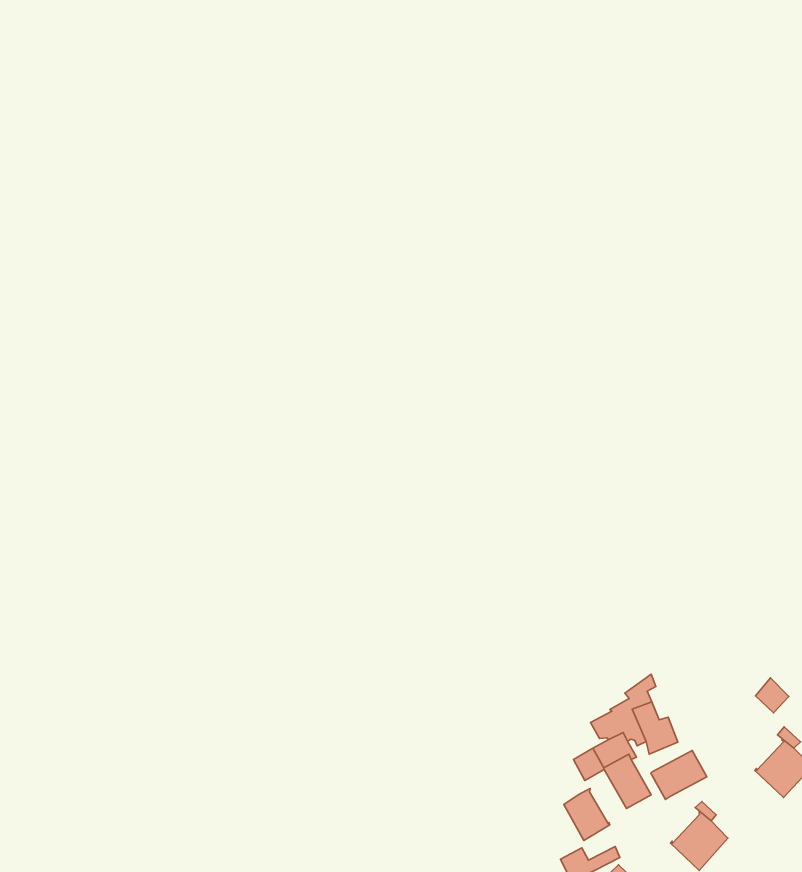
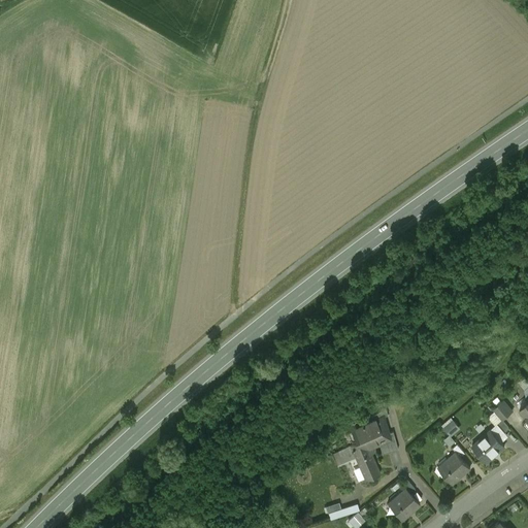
building: [651,751,707,800] -> none
building: [564,789,610,841] -> none

